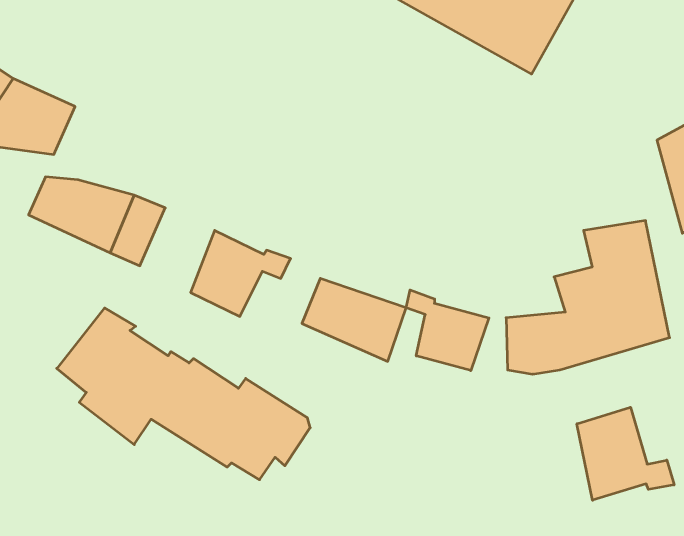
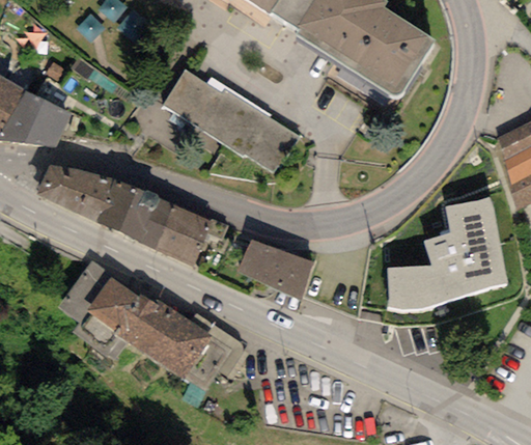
building: none -> [145,72,291,185]
building: none -> [118,187,173,249]
building: [406,290,489,371] -> none
building: [577,407,674,500] -> none

